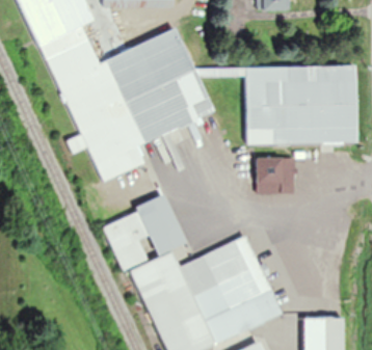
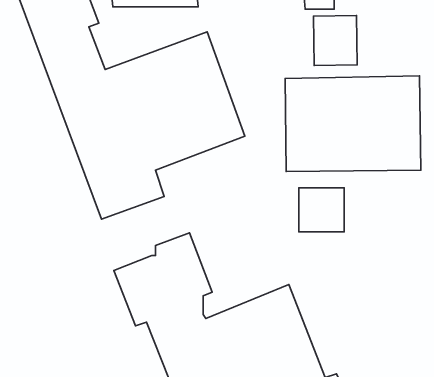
building: none -> [314,15,357,65]

